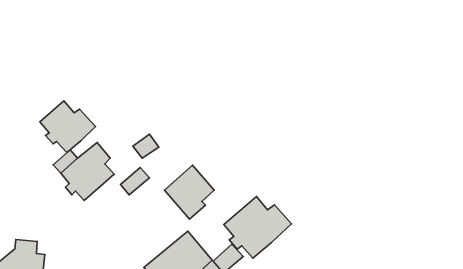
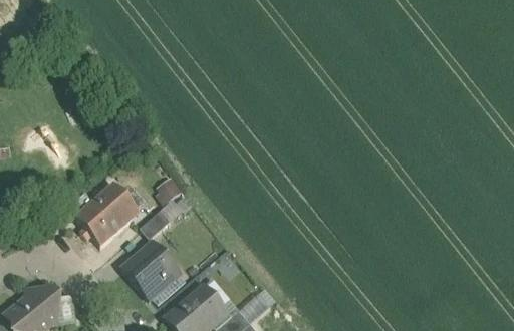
building: [40,101,95,153] -> none
building: [164,165,214,219] -> [124,241,178,299]
building: [224,197,292,258] -> none

